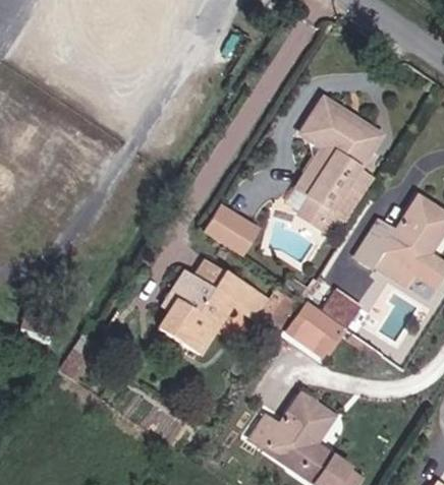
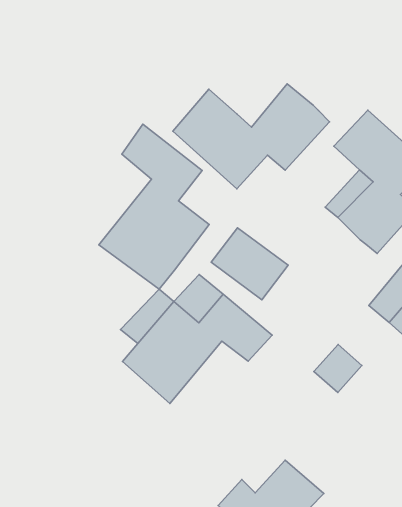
building: none -> [173,84,330,189]
building: none -> [99,124,209,289]
building: [299,191,340,233] -> none
building: [287,311,340,361] -> none

